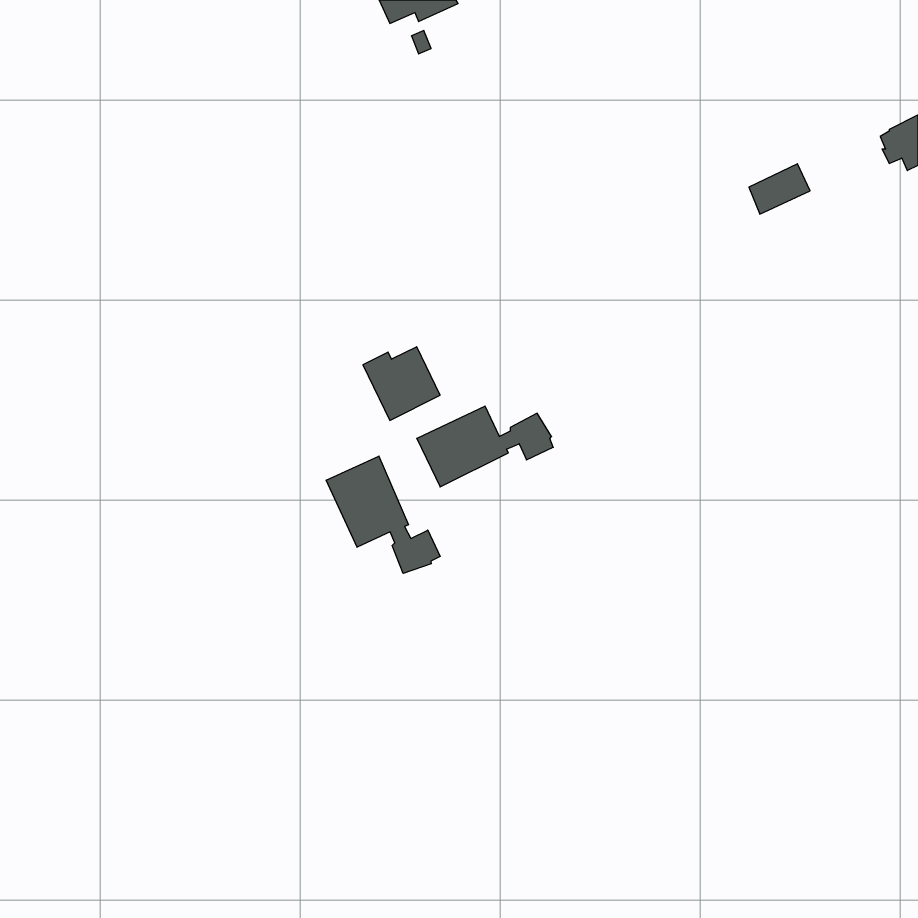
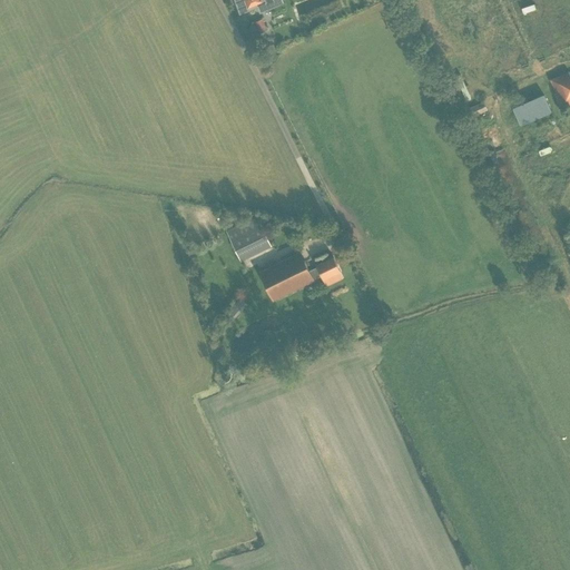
building: [749,164,810,214] -> [513,94,551,125]
building: [326,456,440,573] -> none

